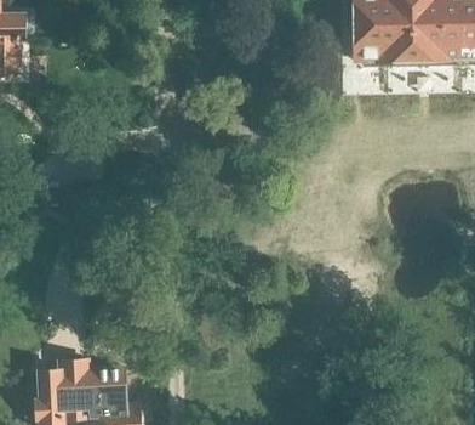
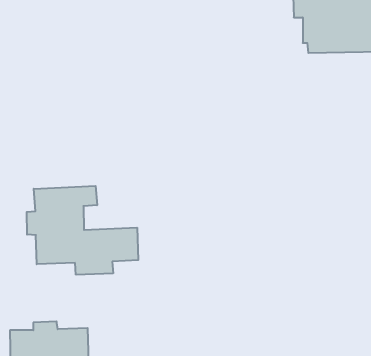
building: none -> [27,186,138,275]

